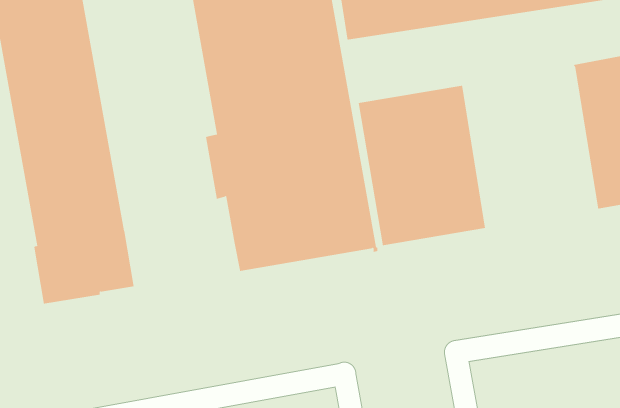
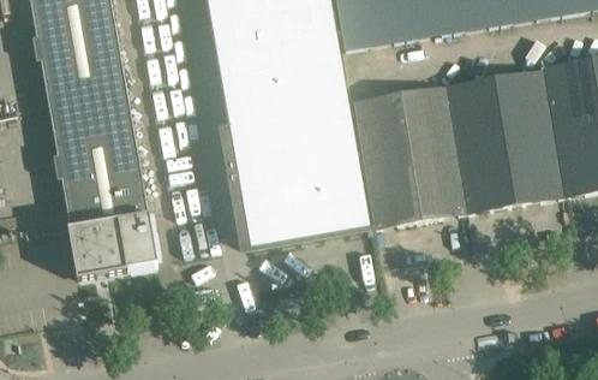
building: none -> [447,70,566,212]

